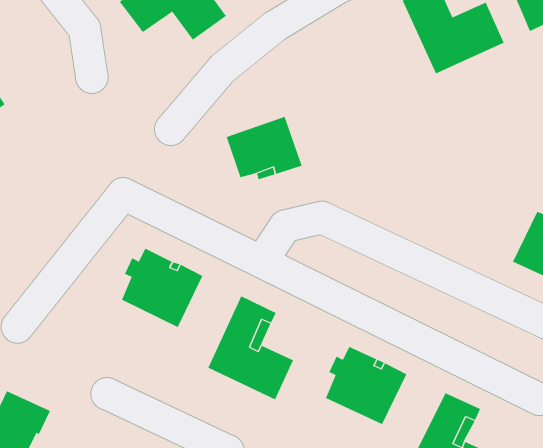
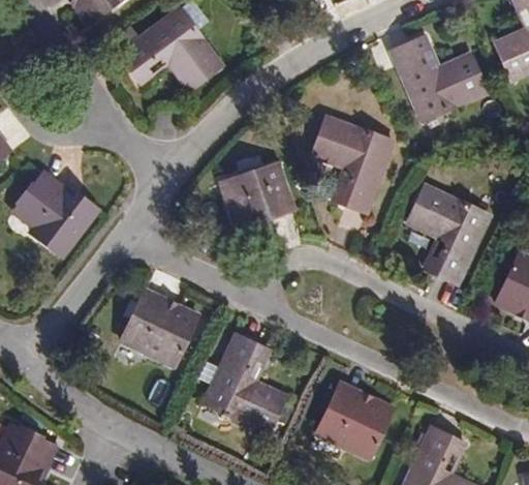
building: none -> [312,115,394,210]
building: none -> [14,174,99,255]
building: none -> [408,183,491,282]

